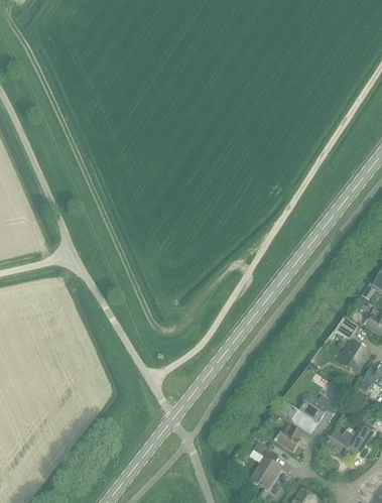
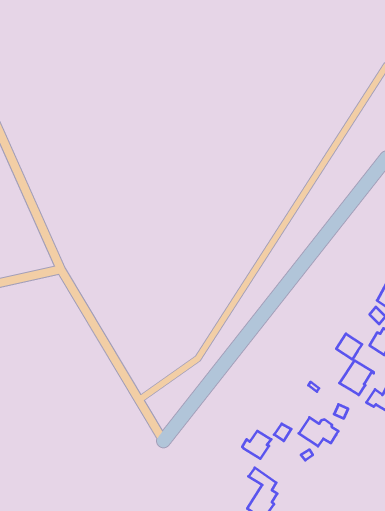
building: [325,421,375,455] -> none
building: [274,423,301,450] -> [242,431,271,459]

